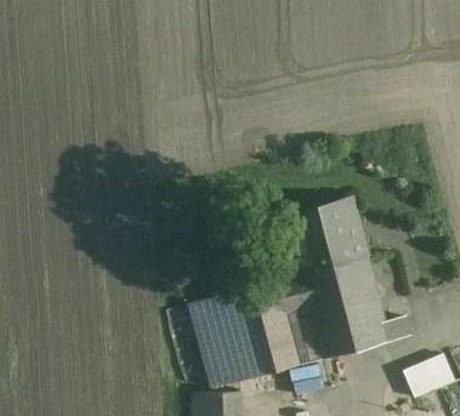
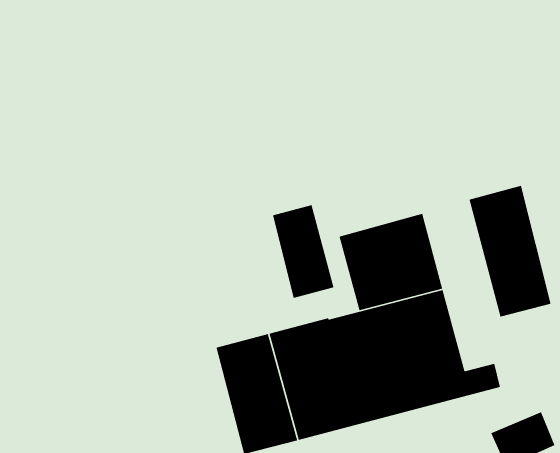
building: none -> [468,185,552,318]
building: none -> [272,204,334,299]

